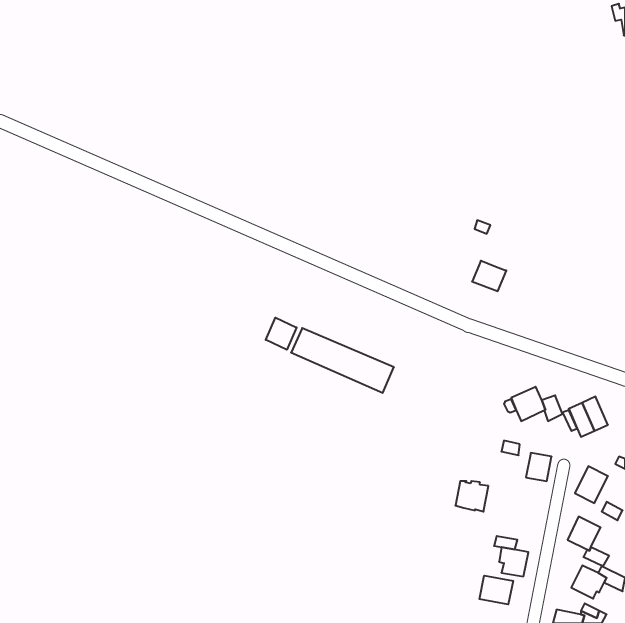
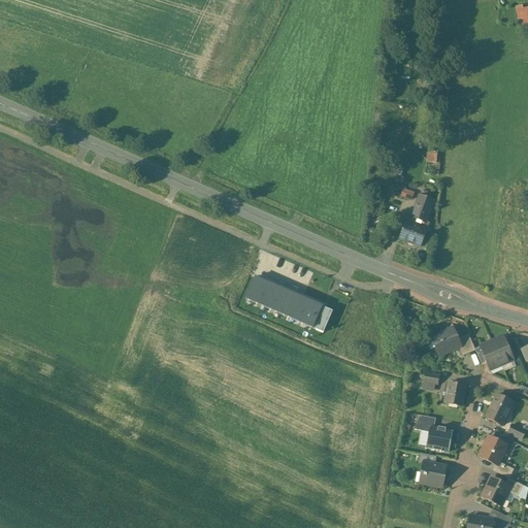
building: none -> [410,194,433,228]
building: [266,318,297,350] -> none
building: [455,481,488,512] -> [425,426,453,452]
building: [479,576,513,604] -> none

